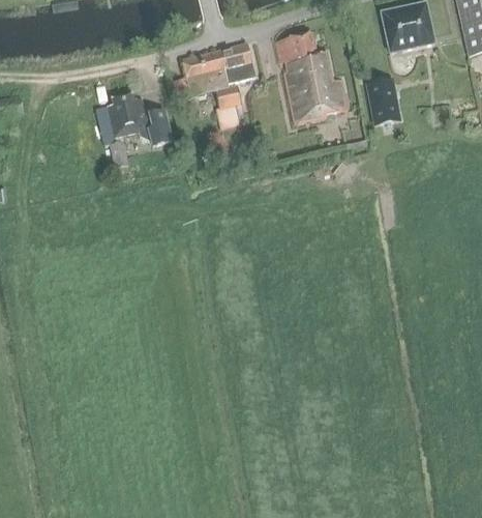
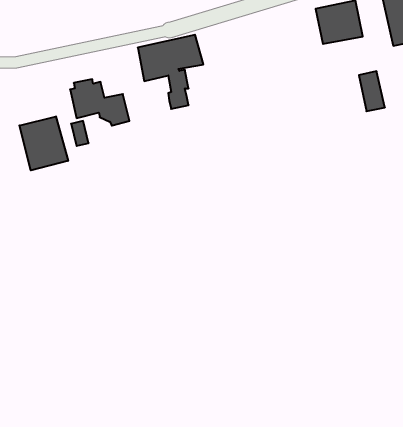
building: [276,33,348,123] -> none
building: [368,76,397,120] -> [359,71,385,111]
building: none -> [19,116,68,170]

